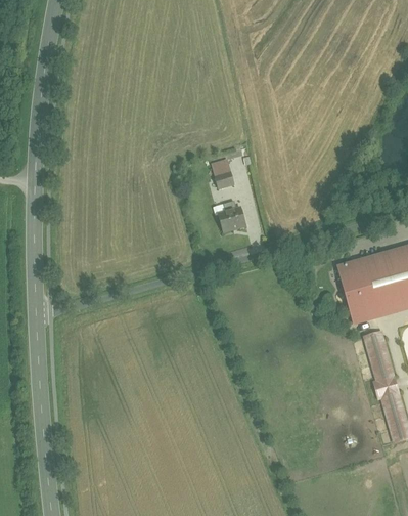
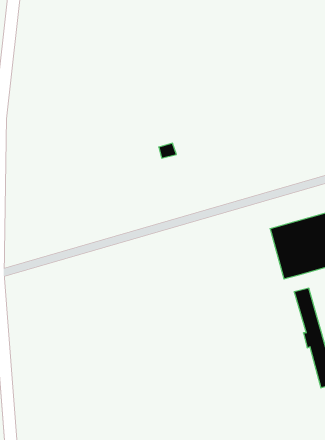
building: [218,201,245,231] -> none

